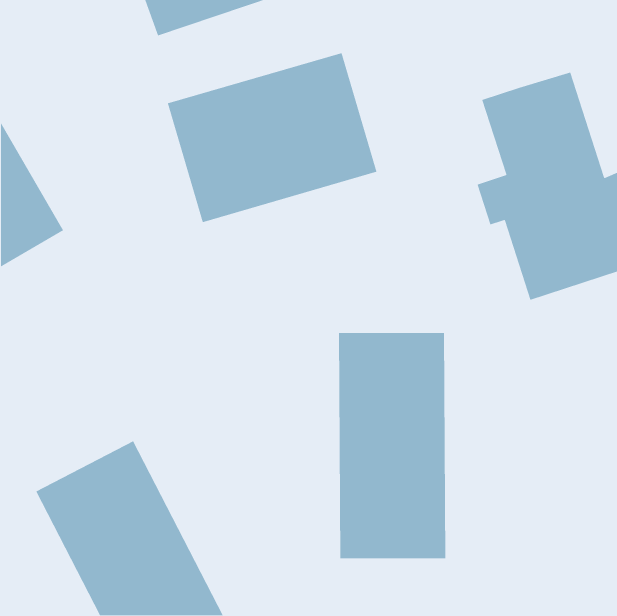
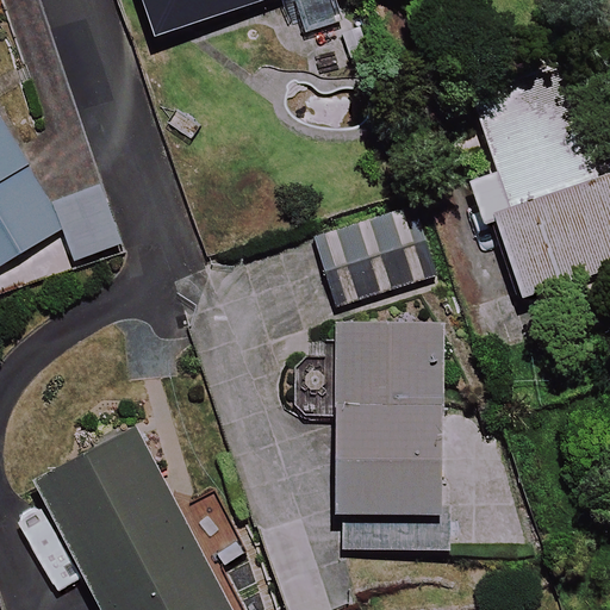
building: [167,52,377,223] -> none
building: none -> [319,203,431,305]

